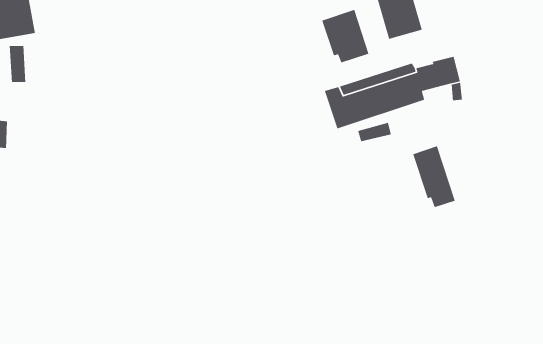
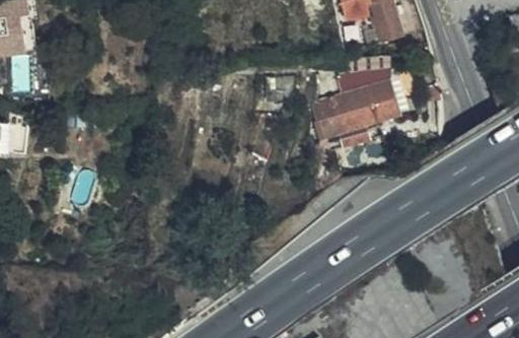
building: [321,9,369,63] -> none
building: [412,145,456,208] -> none

